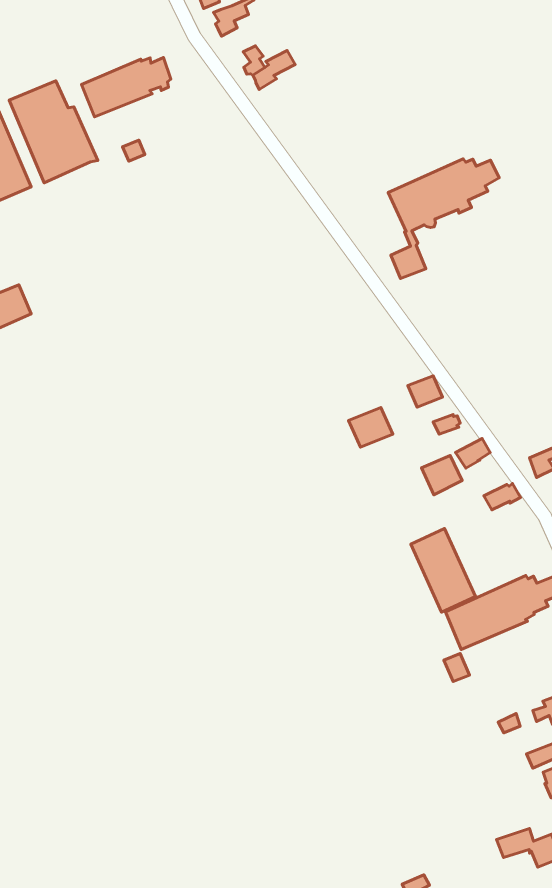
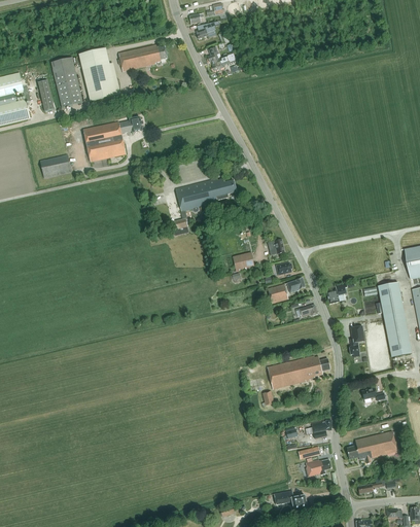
building: [388,159,499,279] -> [172,177,237,236]
building: none -> [83,116,143,162]
building: [411,528,475,612] -> none

